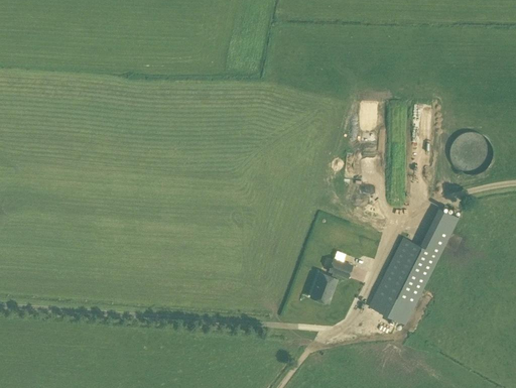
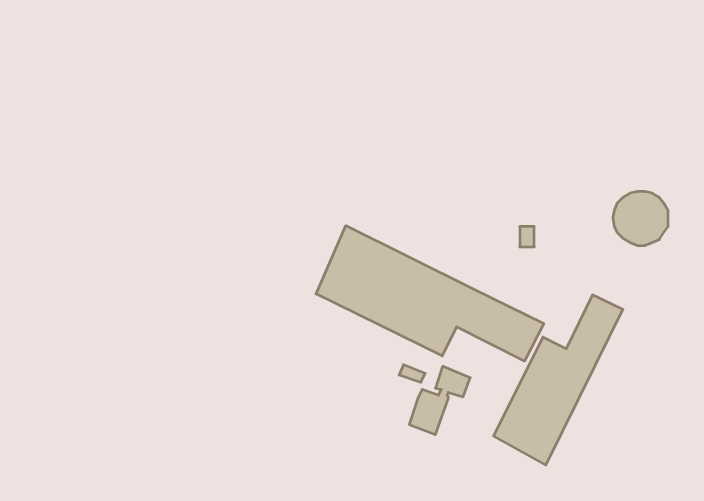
building: none -> [316,226,544,361]

